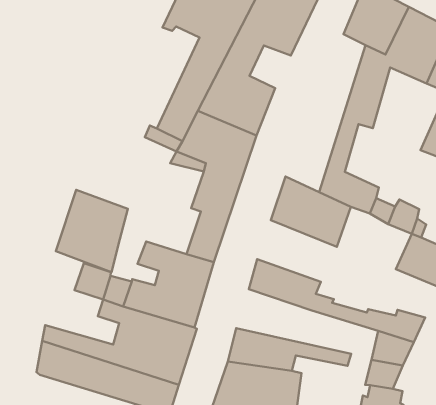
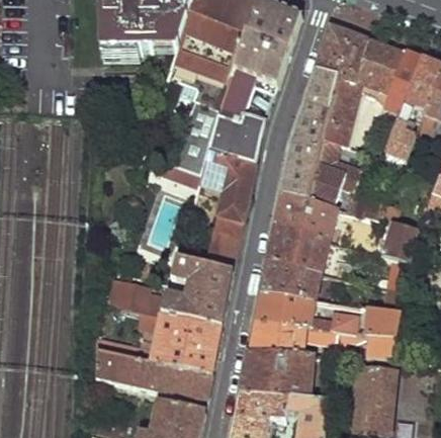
building: none -> [281,69,336,201]
building: [56,190,128,272] -> none
building: none -> [265,229,330,276]
building: none -> [254,287,360,333]

